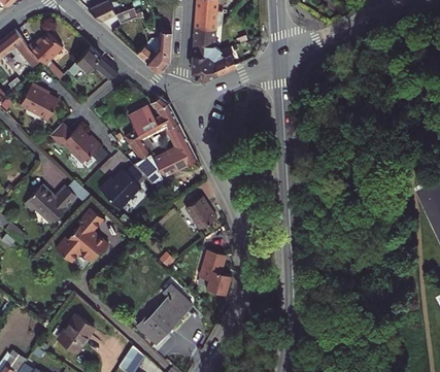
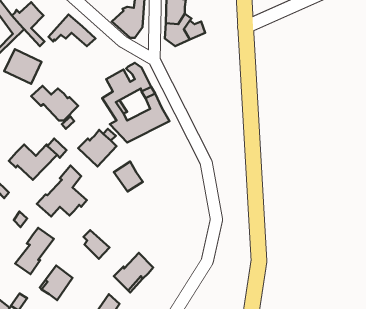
building: [184,196,215,228] -> [114,162,143,191]
building: [199,249,231,294] -> none
building: none -> [15,228,54,274]
building: [163,285,191,316] -> [83,230,109,259]

